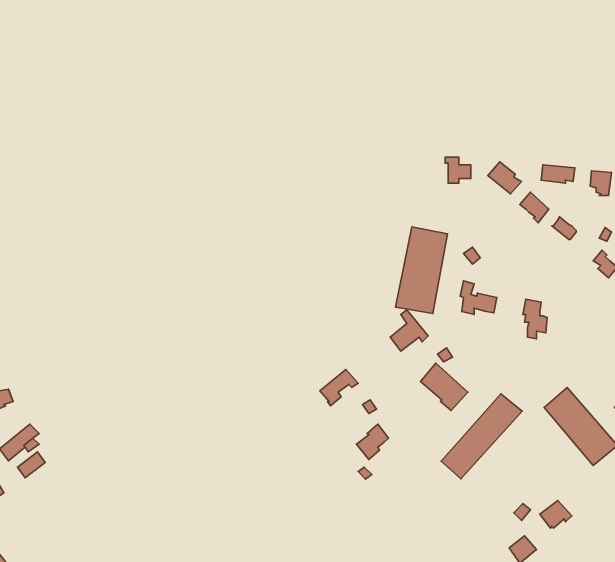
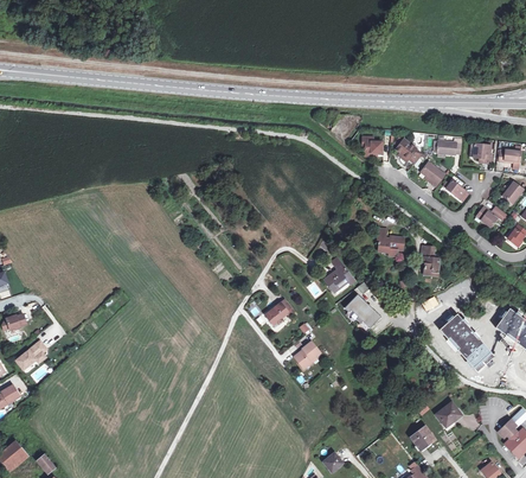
building: [396,227,447,314] -> none
building: [441,394,522,479] -> none

